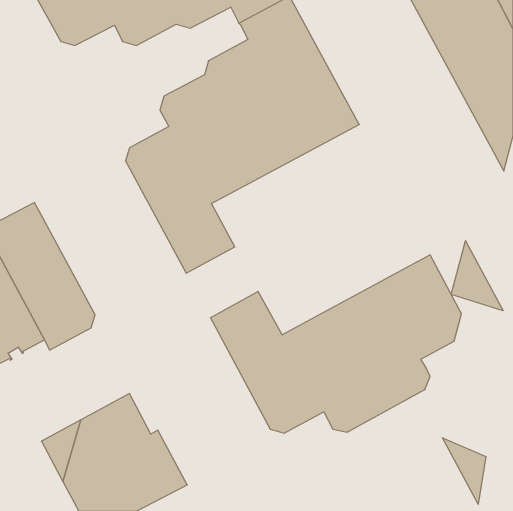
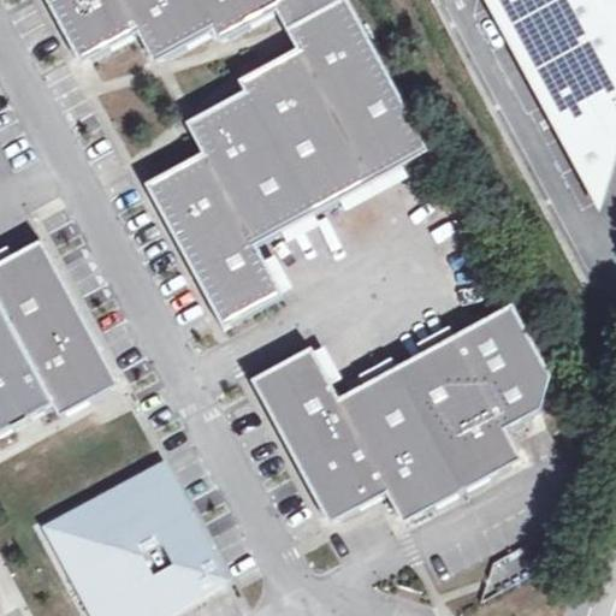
building: [451,241,503,311] -> none
building: [443,438,486,504] -> none

